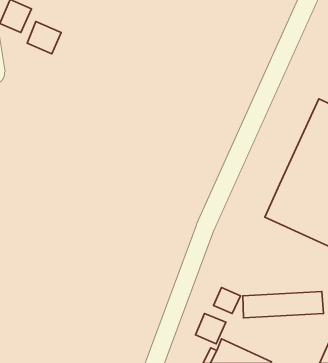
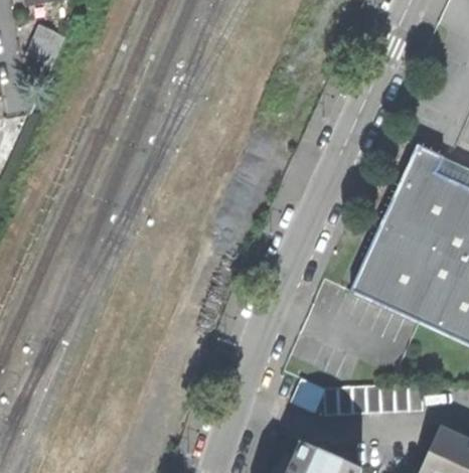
building: [27,21,61,54] -> none
building: [196,313,226,344] -> none

